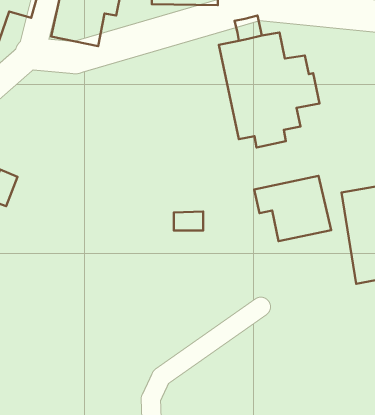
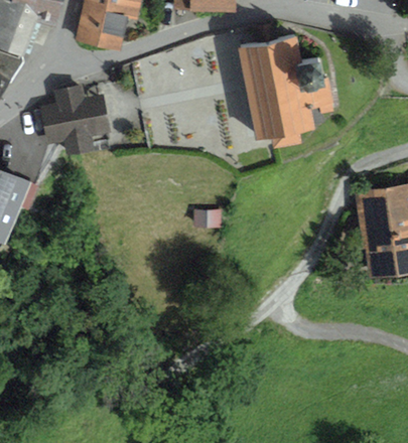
building: none -> [39,86,111,155]
building: [254,176,331,241] -> none

